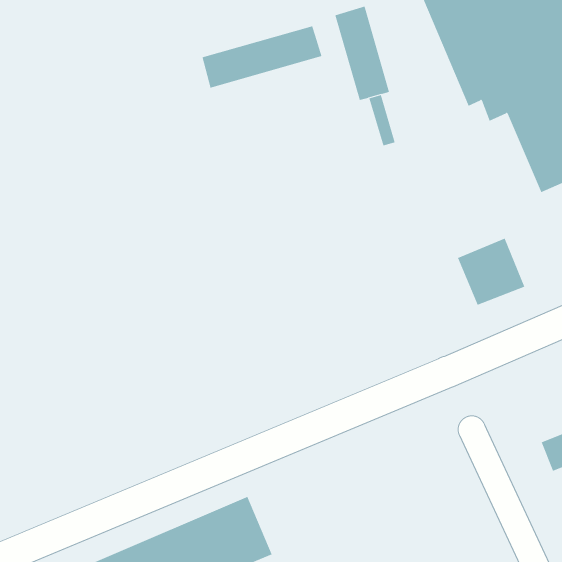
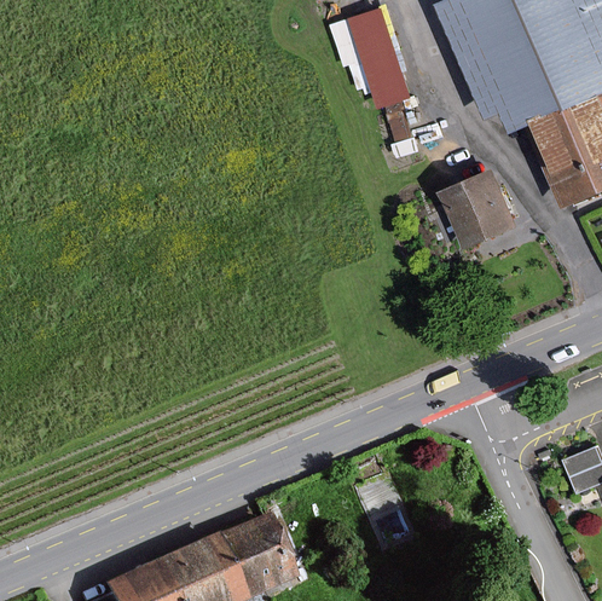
building: [202,25,322,89] -> none
building: [457,238,525,306] -> [441,173,511,243]

